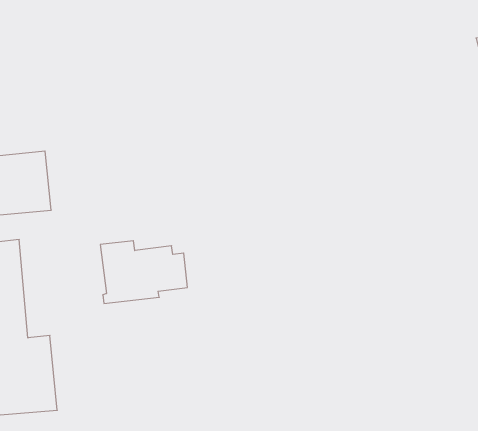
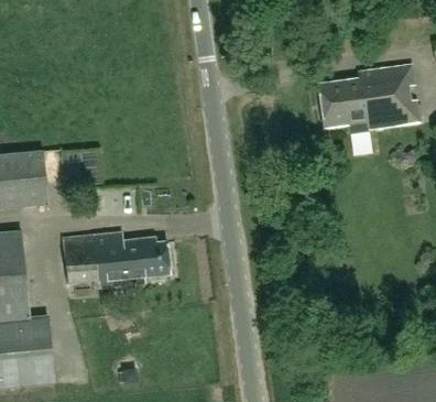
building: none -> [317,64,418,131]
building: none -> [63,233,98,282]

